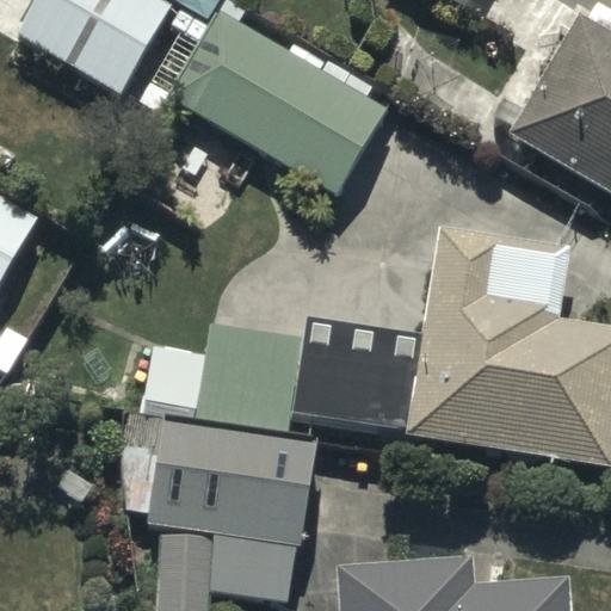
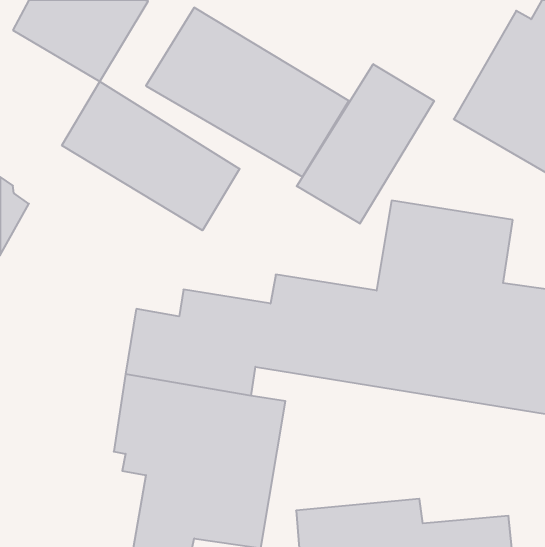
building: none -> [297,64,434,224]
building: none -> [62,82,240,230]

